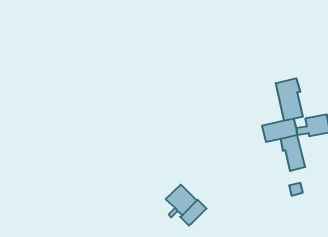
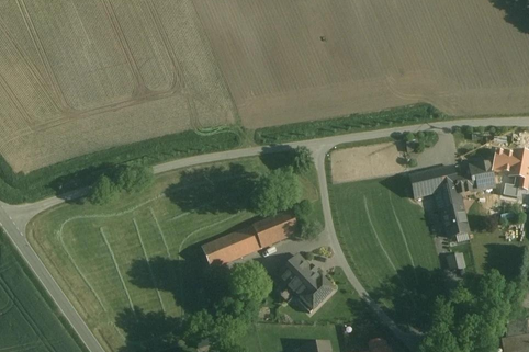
building: [276,78,303,121] -> none
building: none -> [201,208,299,268]

